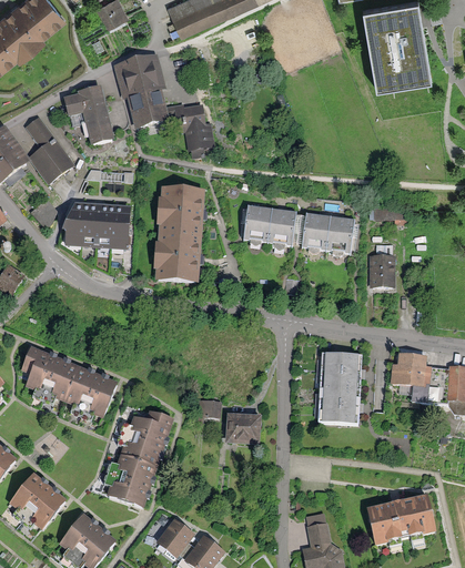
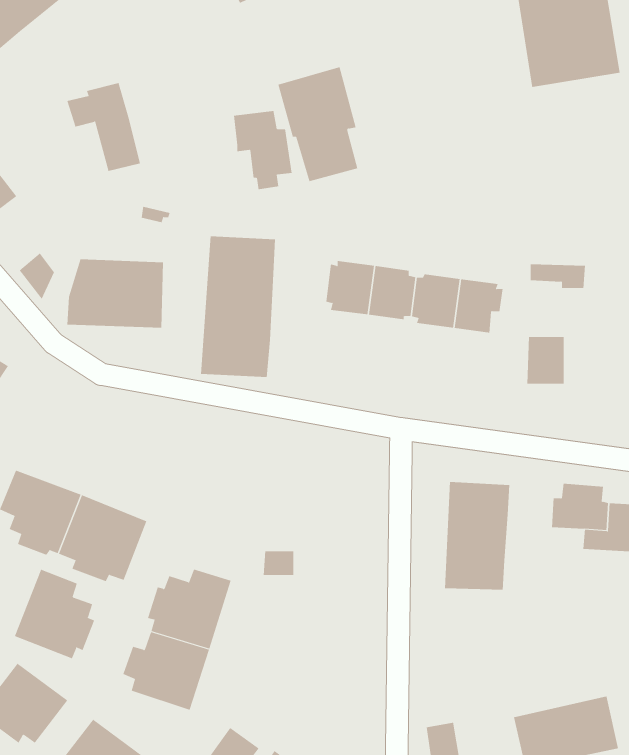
building: [114,51,169,129] -> [277,66,358,182]
building: [24,116,72,183] -> none
building: none -> [14,569,95,659]
building: [224,414,259,445] -> none

